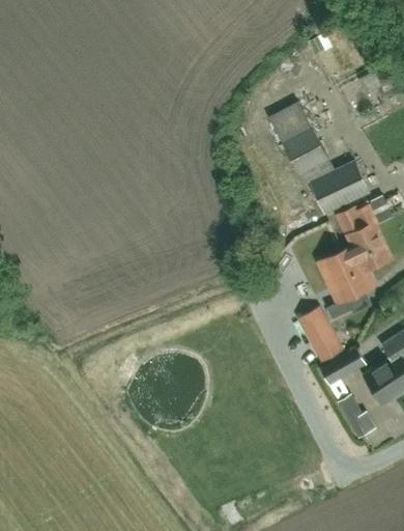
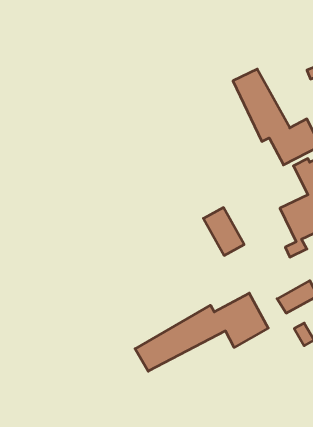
building: [297,307,344,362] -> [203,208,244,255]
building: none -> [135,293,268,371]

